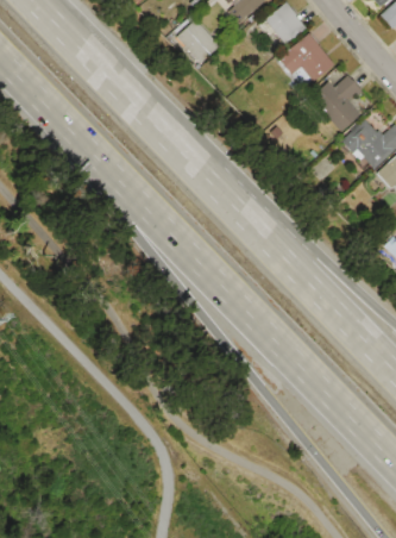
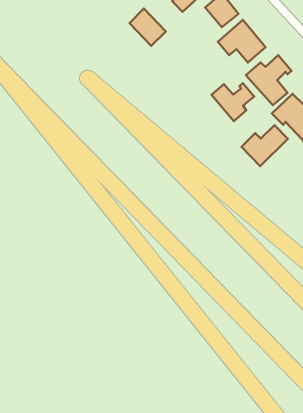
building: none -> [211,83,254,121]
building: none -> [241,125,288,166]

